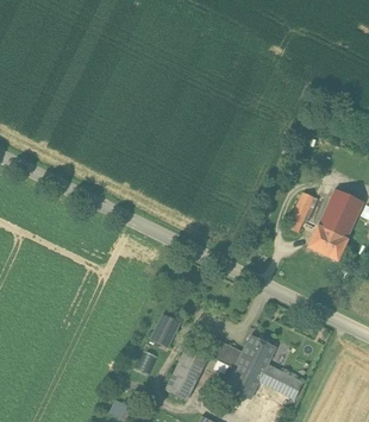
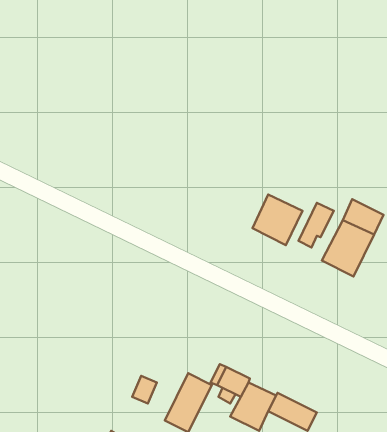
building: none -> [253,194,302,245]
building: [151,314,181,347] -> none
building: [242,335,277,367] -> none

